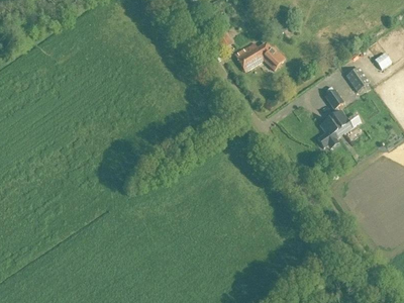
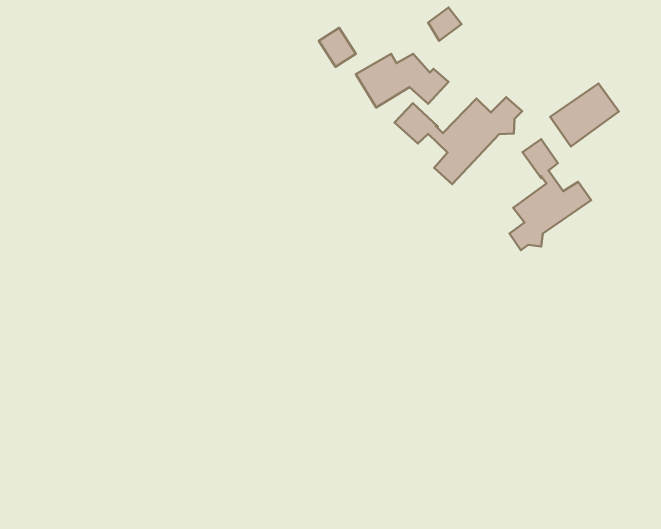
building: none -> [395,97,522,184]

